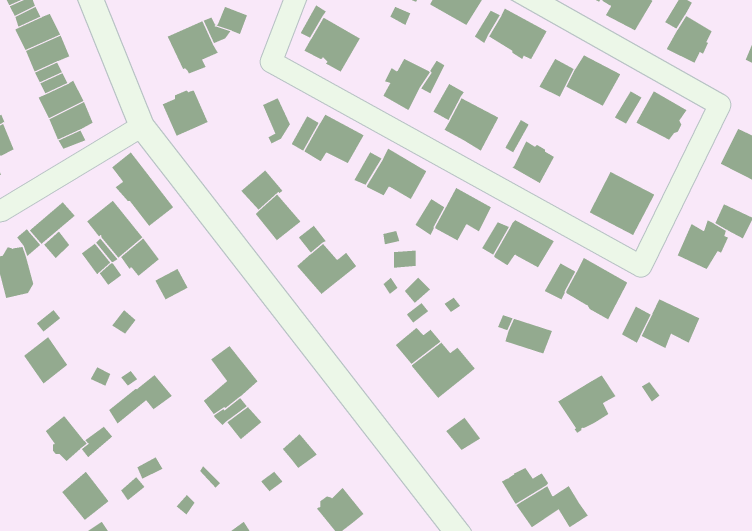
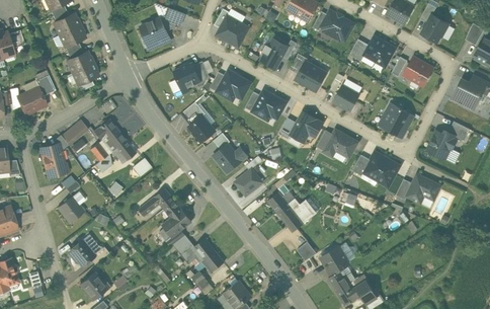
building: [162,90,208,136] -> [174,63,200,89]
building: none -> [233,167,263,198]
building: [108,374,173,424] -> [139,188,175,217]
building: [557,375,616,434] -> [321,242,354,276]
building: none -> [181,238,215,264]

